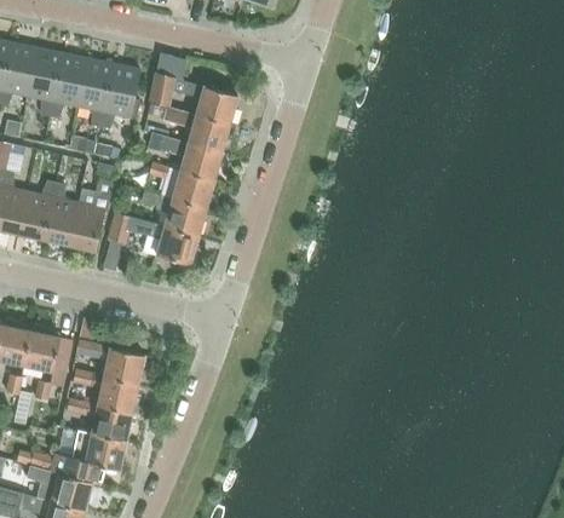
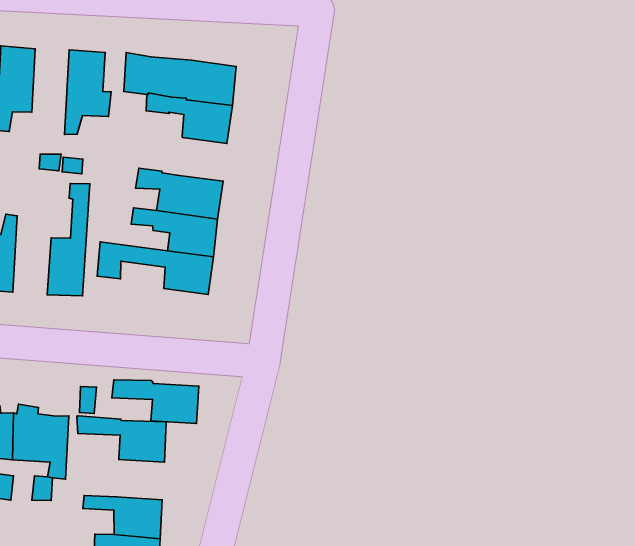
building: [79,59,114,127] -> none
building: [148,132,221,180] -> none
building: [44,183,79,246] -> none
building: [71,370,138,413] -> [112,380,199,424]

